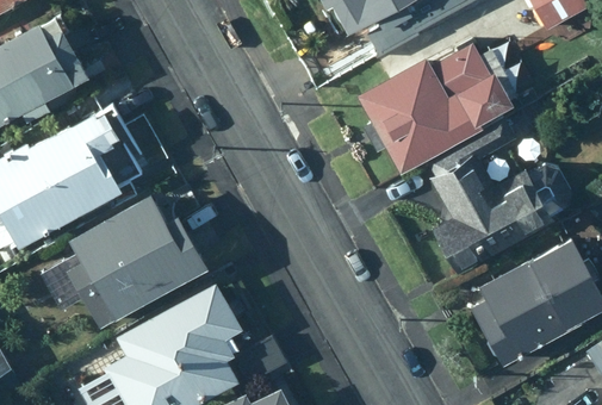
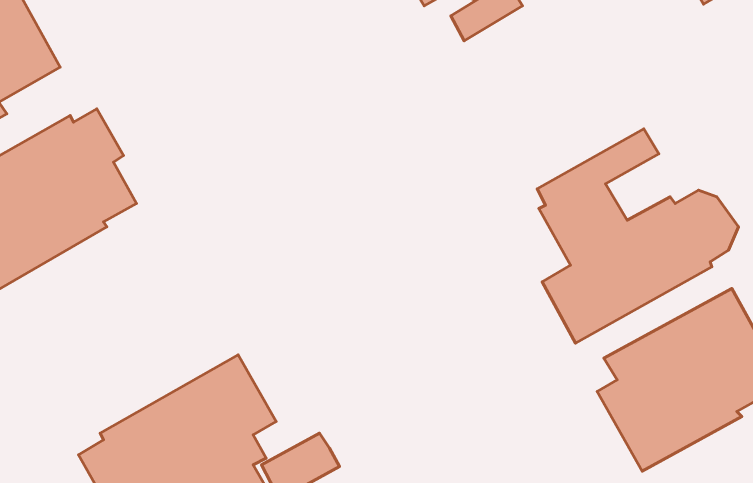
building: [356,42,517,175] -> none
building: [66,195,205,329] -> none

